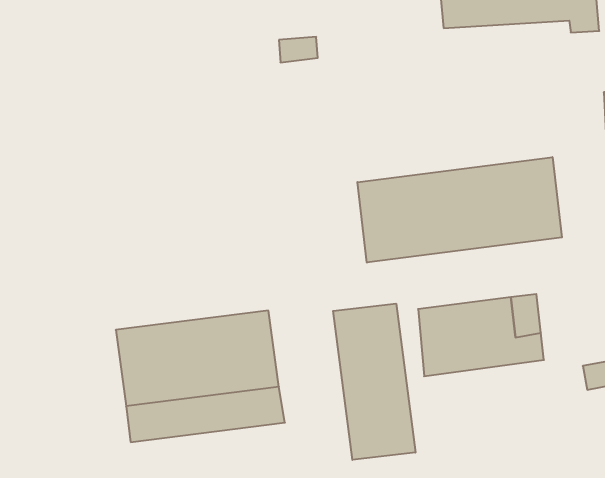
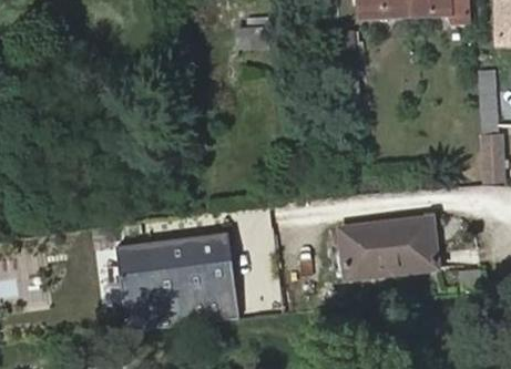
building: [357,157,562,263] -> none
building: [333,304,415,460] -> none

